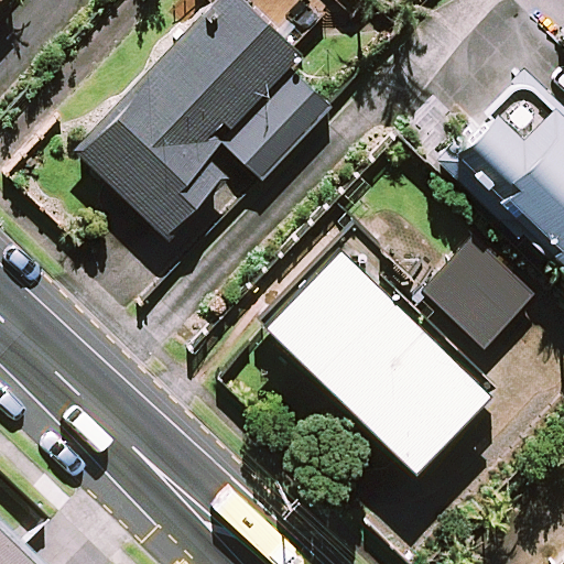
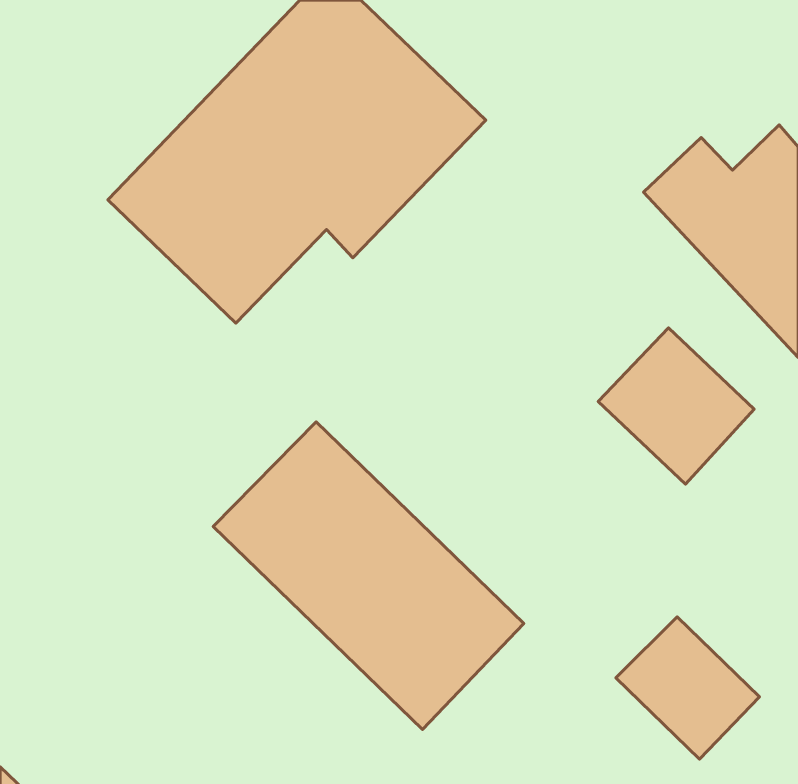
building: [265,246,485,463] -> [213,422,524,730]
building: none -> [616,617,759,759]

